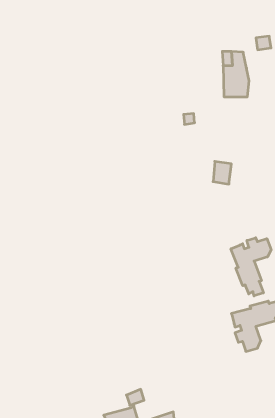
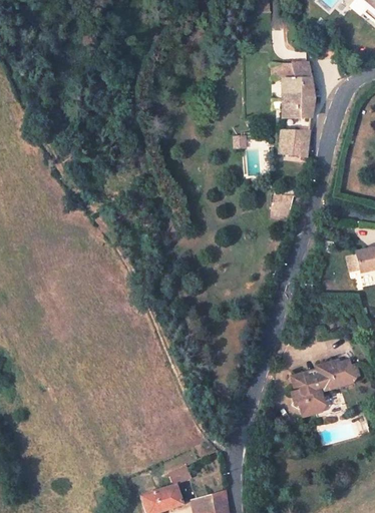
building: none -> [281,128,310,156]
building: [231,238,271,296] -> none

